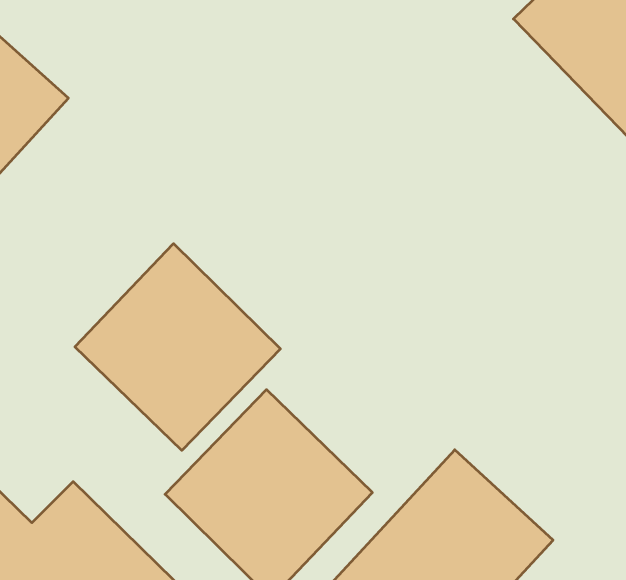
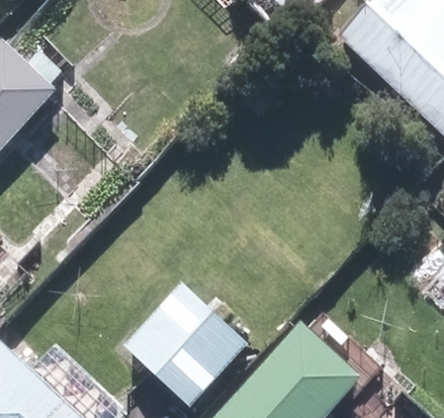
building: [75,244,280,450] -> none

